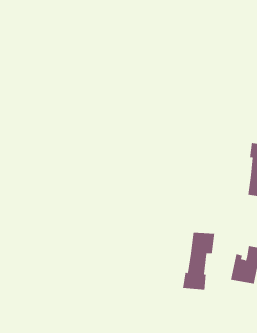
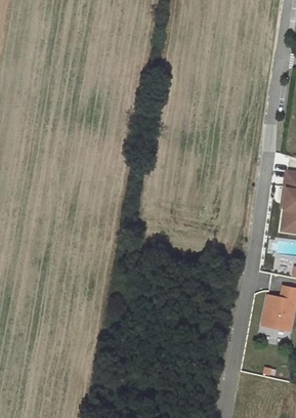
building: [183,232,215,290] -> none

